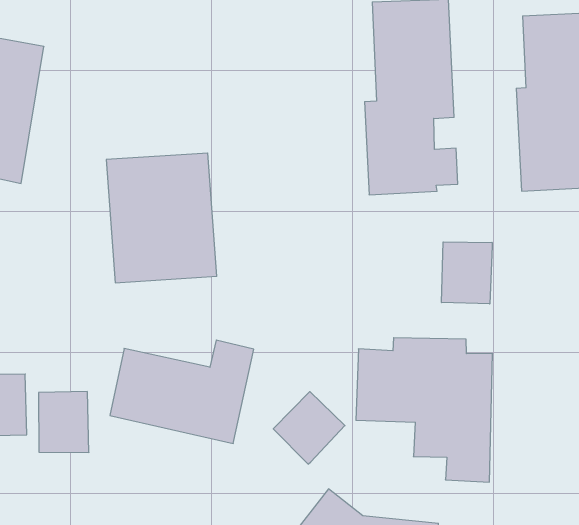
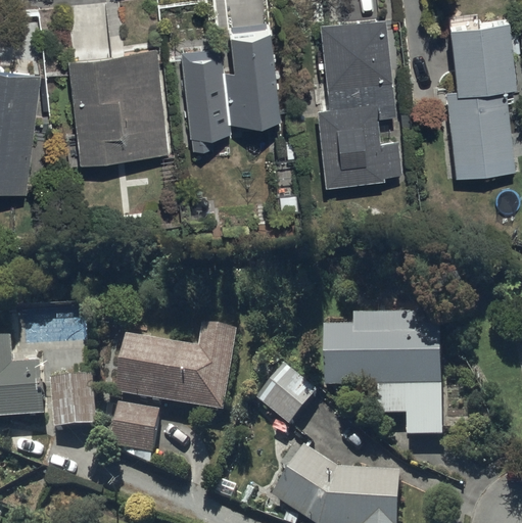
building: none -> [181,31,279,154]
building: [106,153,217,283] -> [67,51,168,167]
building: [442,242,492,304] -> none
building: none -> [111,401,159,451]

